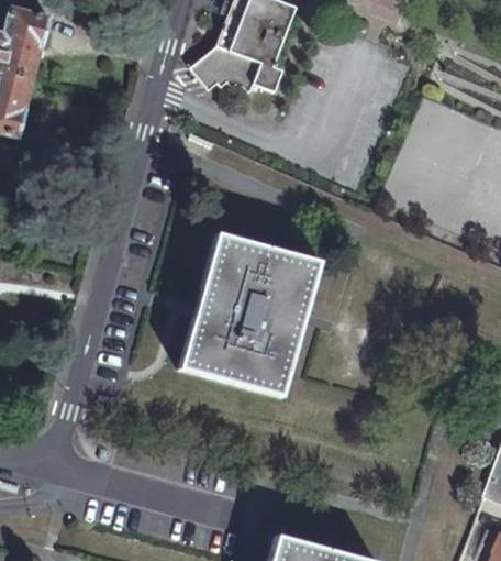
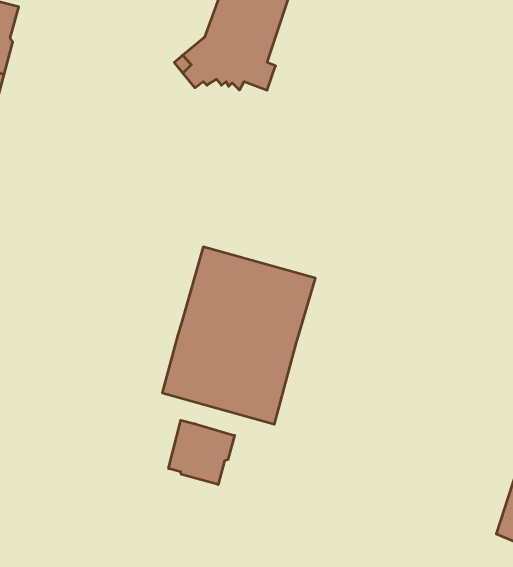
building: none -> [169,420,235,485]

